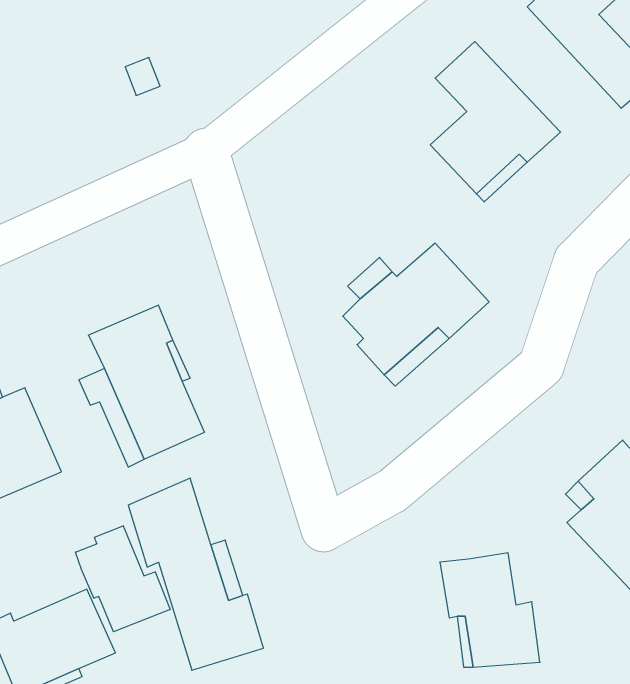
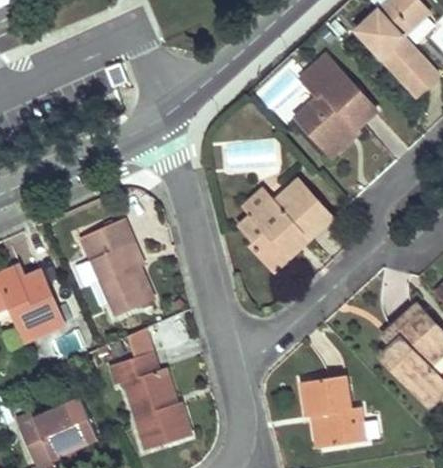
building: [75,526,170,632] -> none

